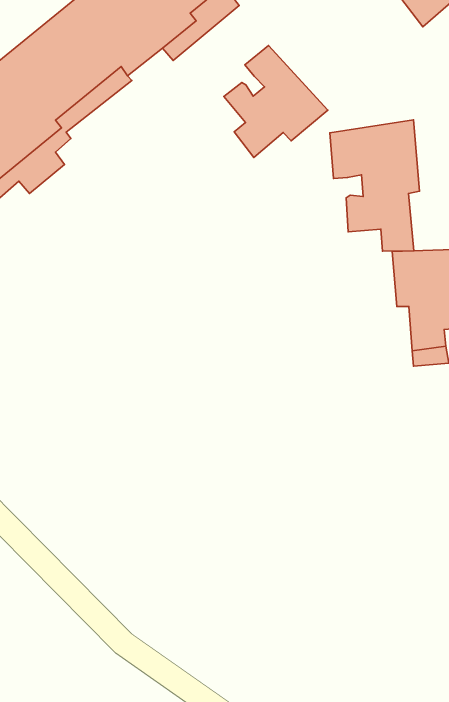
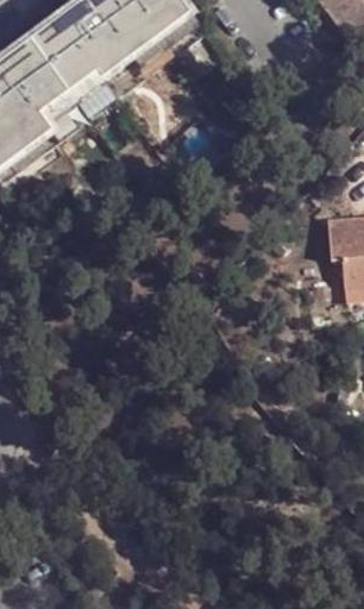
building: [224,45,328,158] -> none
building: [330,120,420,251] -> none

